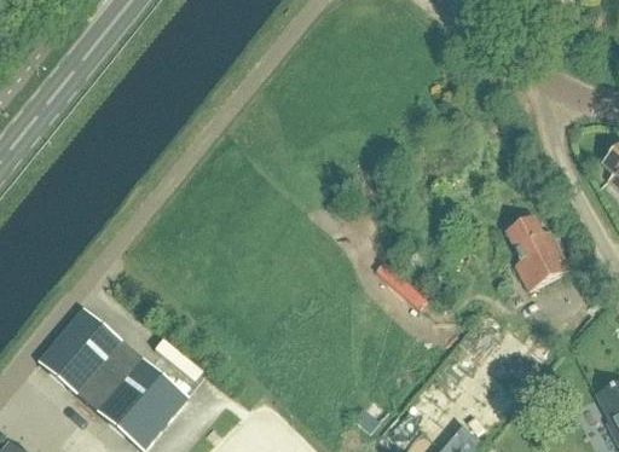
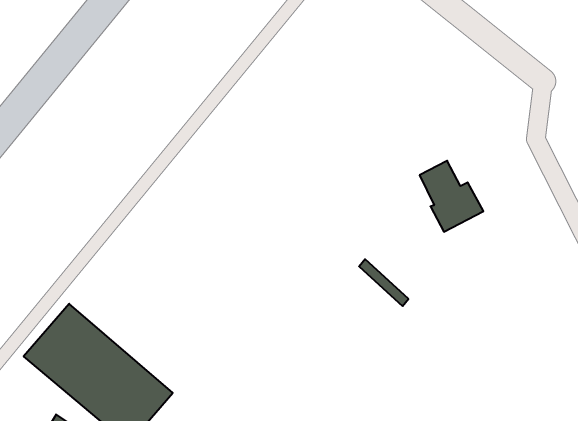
building: [505,218,569,289] -> [420,161,483,232]

